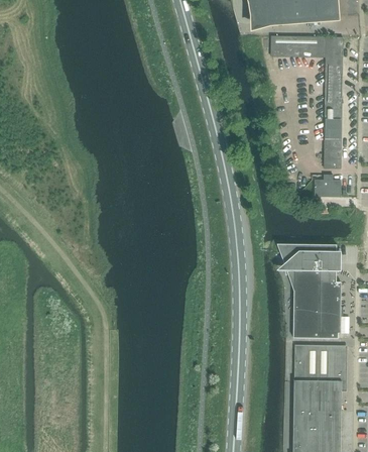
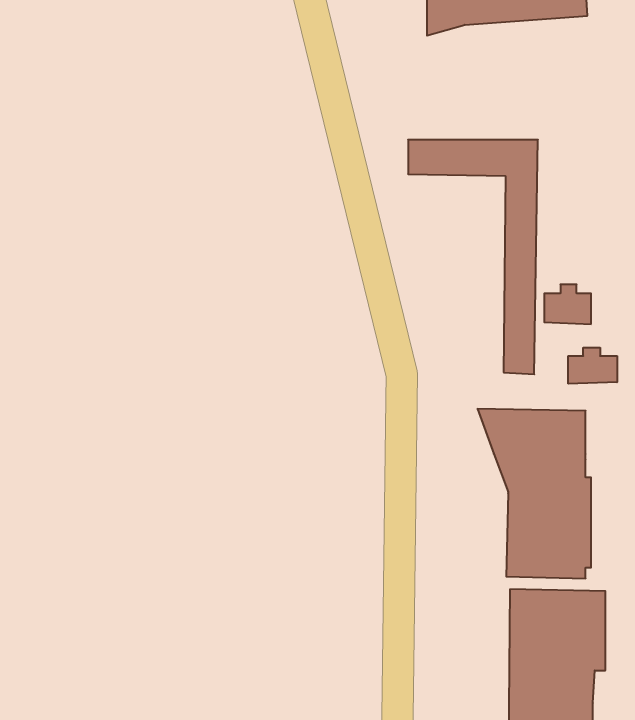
building: [270,36,343,167] -> [408,140,538,374]
building: none -> [568,348,617,384]

